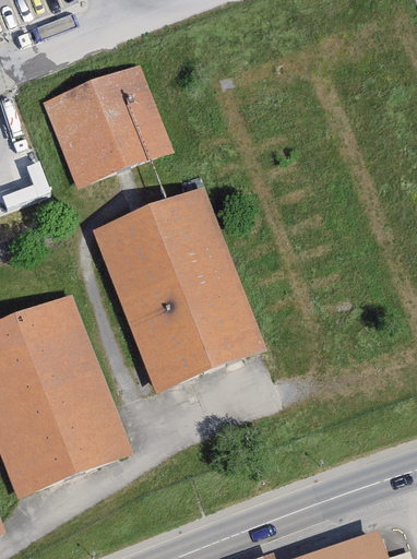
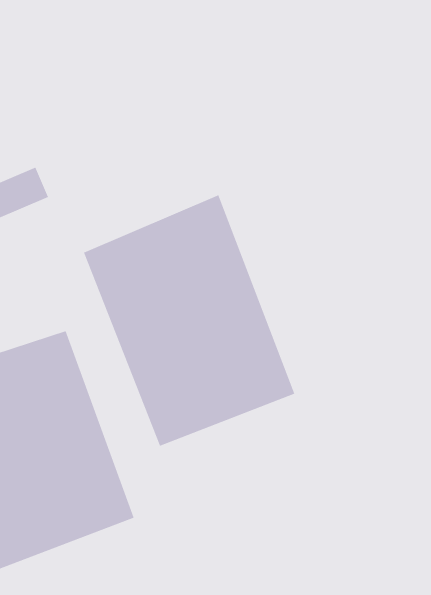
building: [43,68,177,188] -> none

